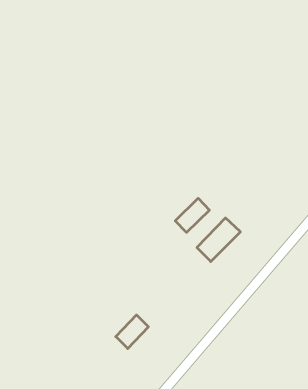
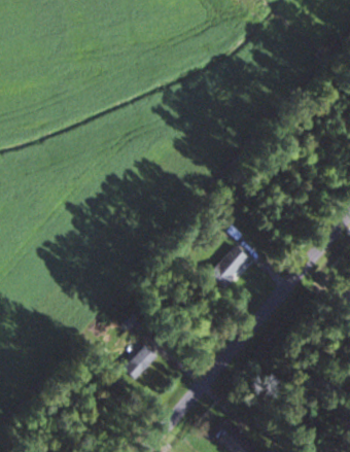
building: [175,198,209,232] -> none

